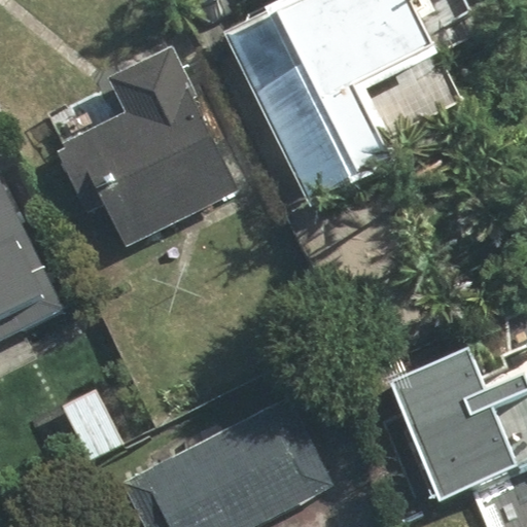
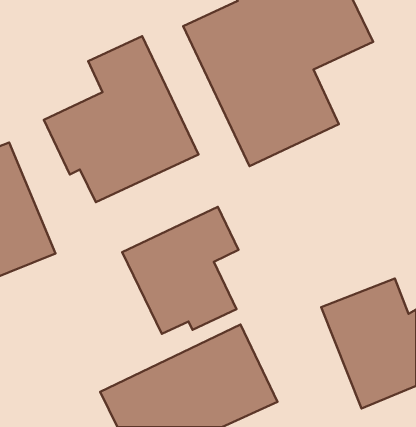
building: none -> [122,207,239,334]

